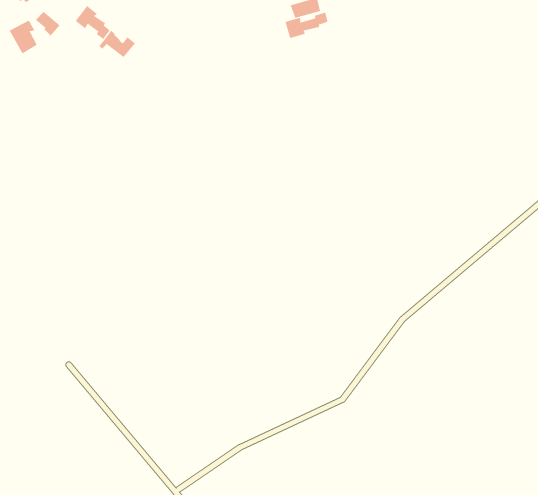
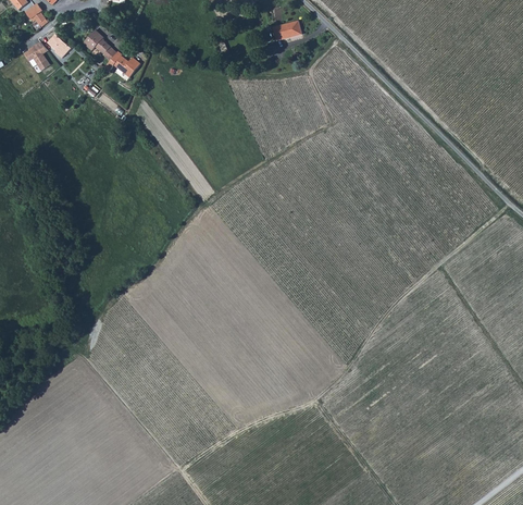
building: [285,12,328,39] -> none

